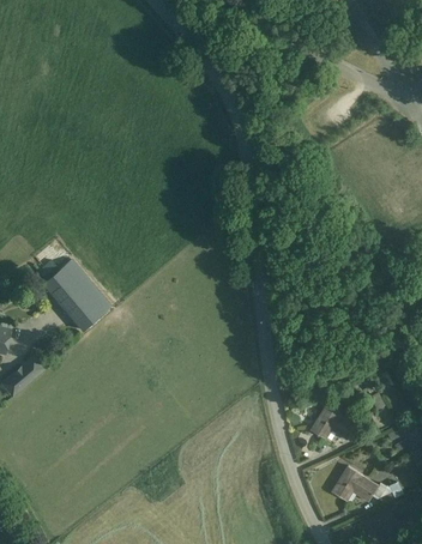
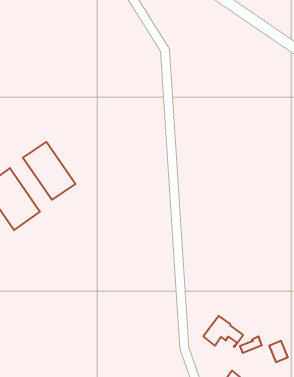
building: none -> [23,142,75,200]

